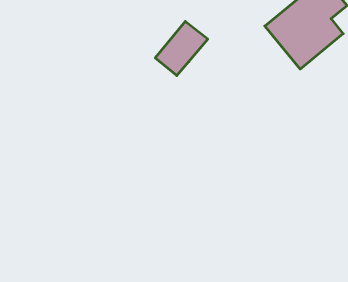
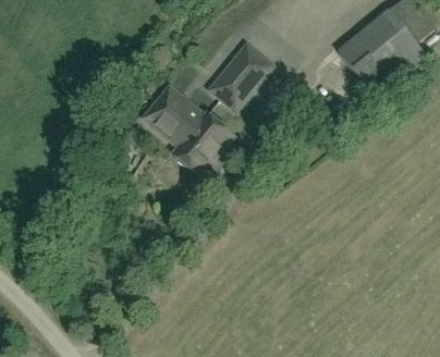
building: none -> [144,85,232,171]

